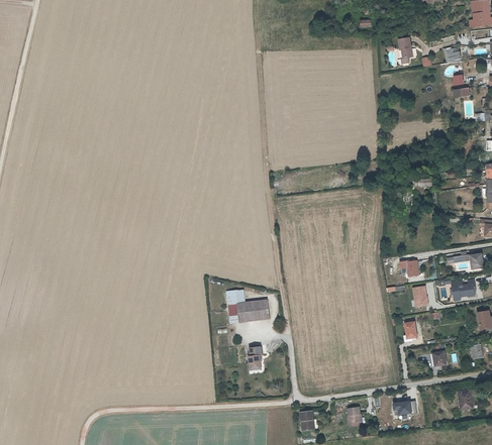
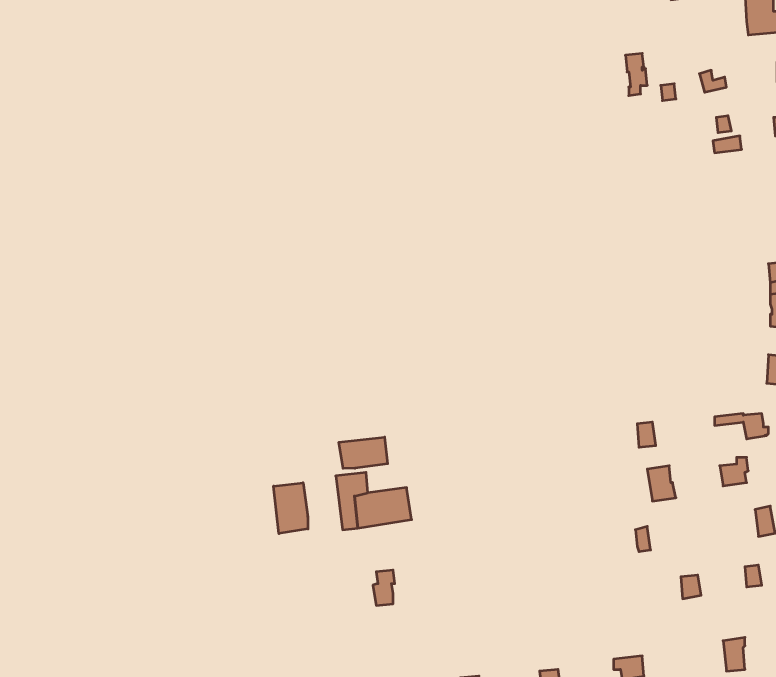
building: none -> [339,437,388,468]
building: none -> [274,483,308,534]

